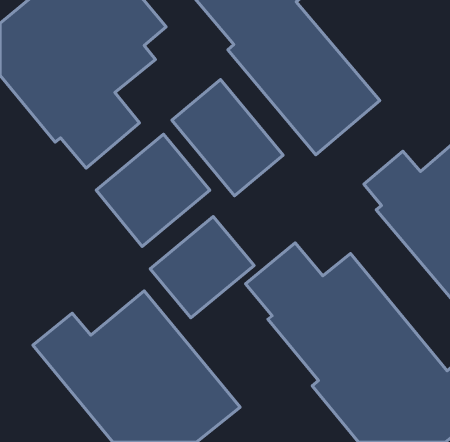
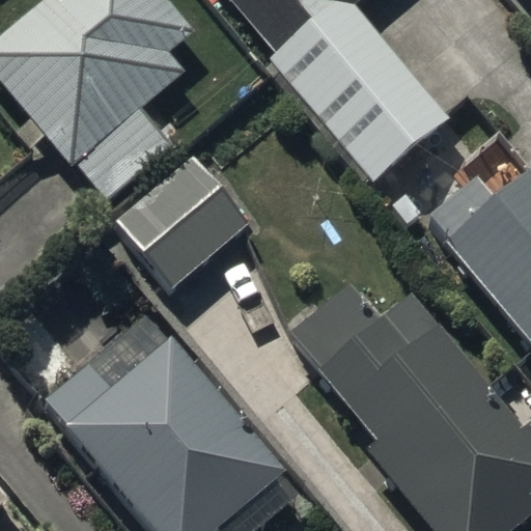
building: [172,80,283,196] -> none
building: [150,216,254,318] -> none

